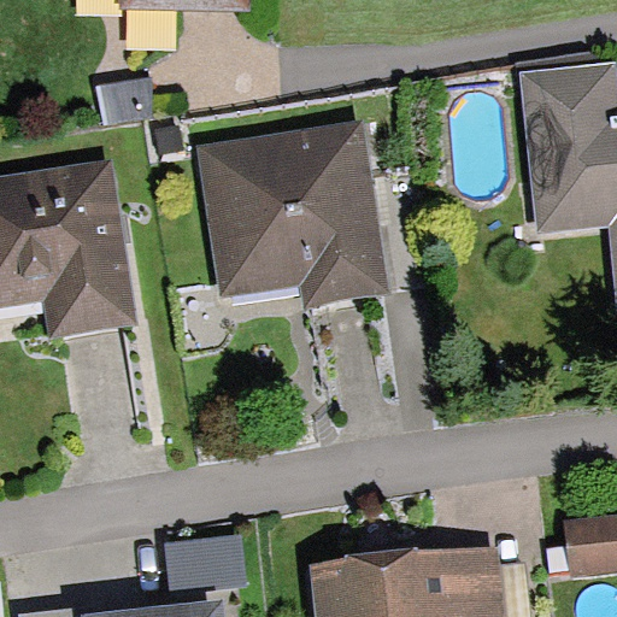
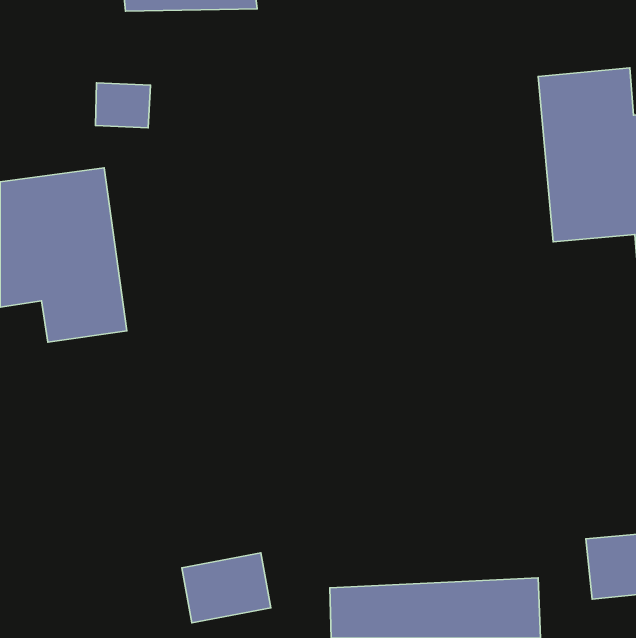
building: [194,125,381,302] -> none

